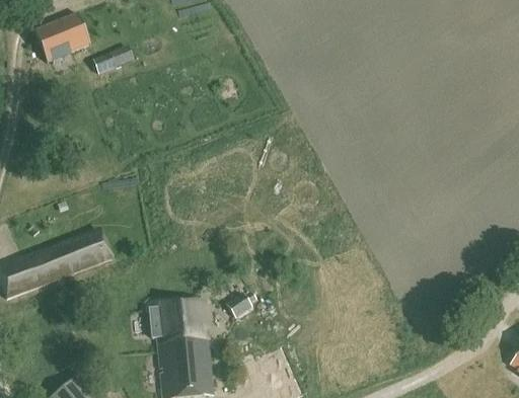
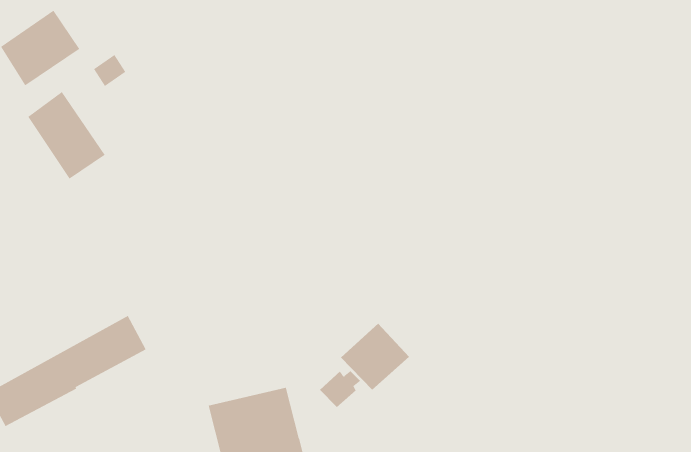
building: none -> [28,91,105,180]
building: none -> [340,323,410,390]

